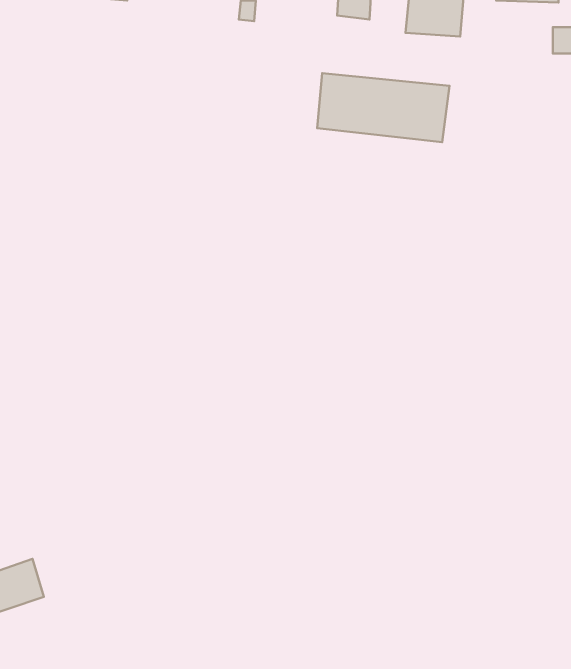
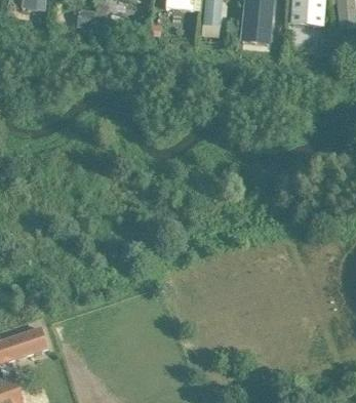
building: [317,73,450,142] -> none

